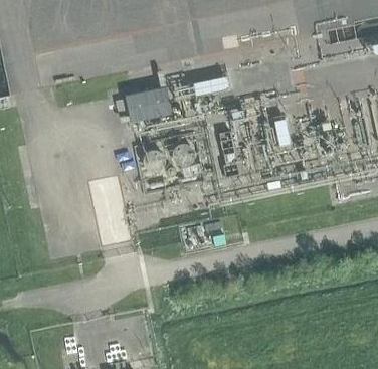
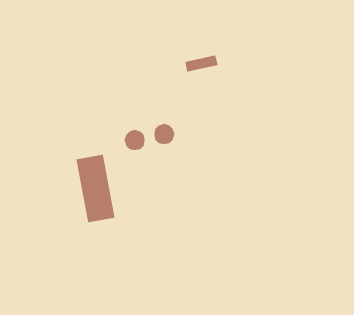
building: [114,87,171,124] -> none

